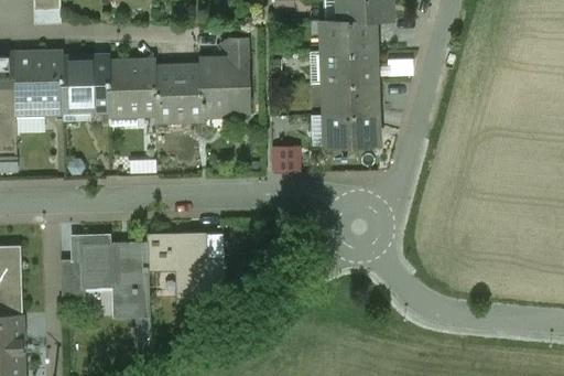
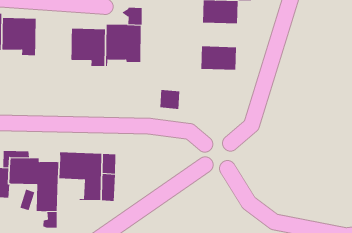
building: [327,51,375,83] -> none
building: [107,58,155,118] -> none
building: [328,112,377,146] -> none

